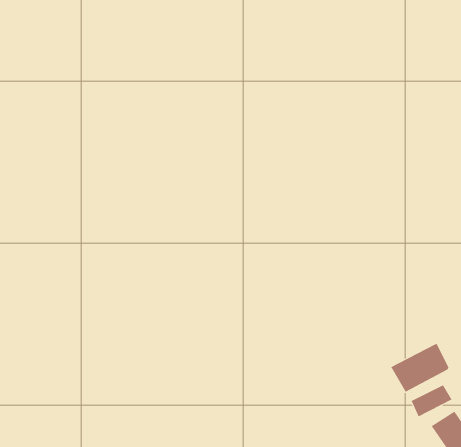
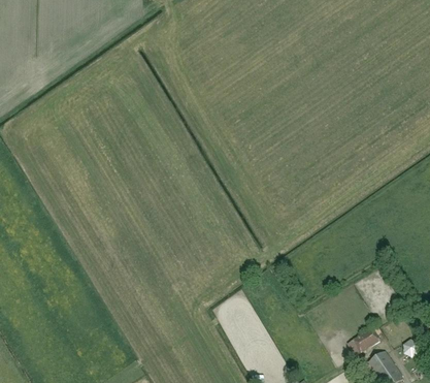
building: [391,343,449,392] -> none

